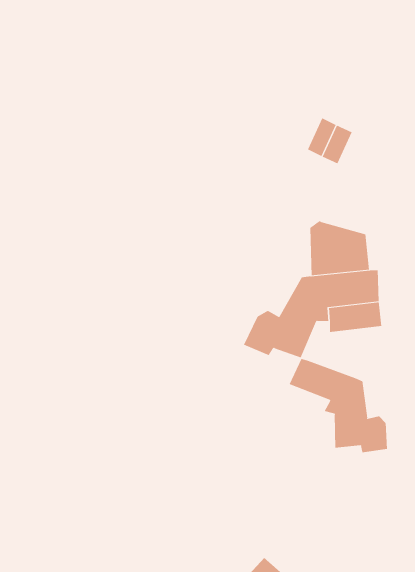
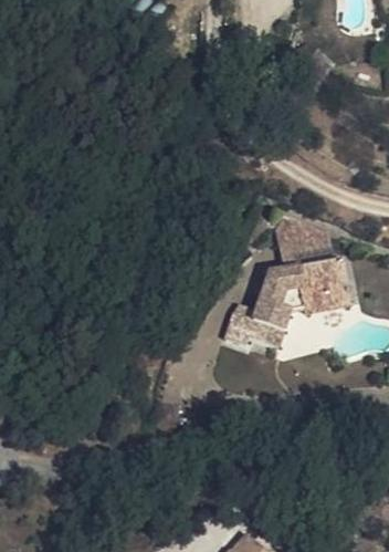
building: [289,358,388,453] -> none

